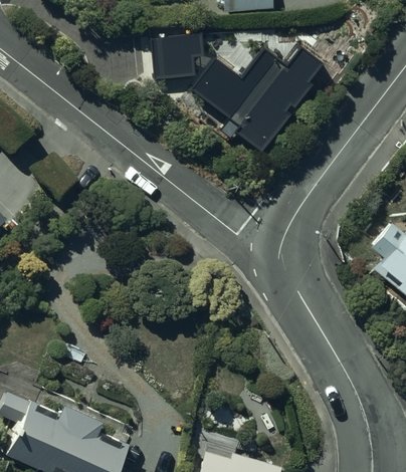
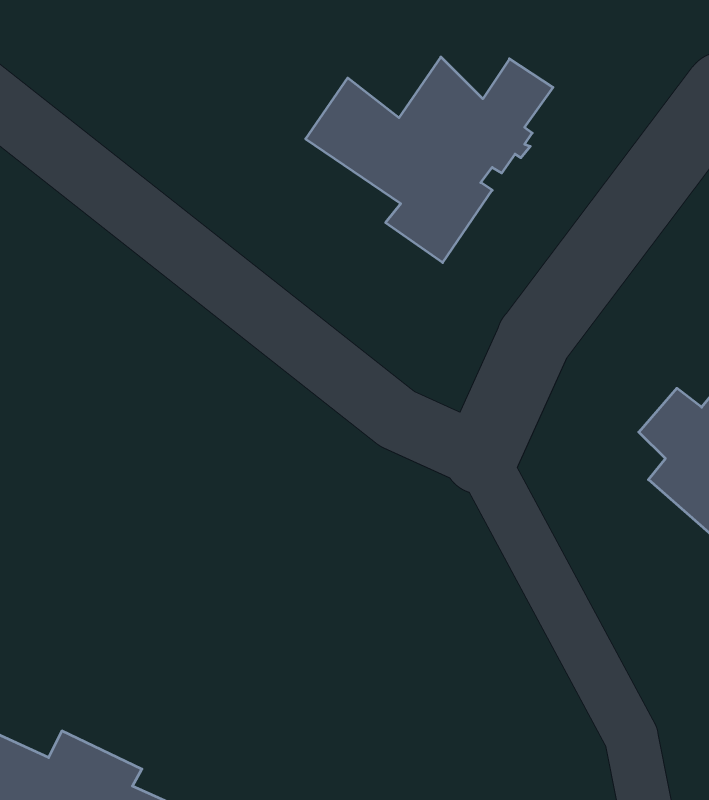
building: [150,26,204,80] -> none

